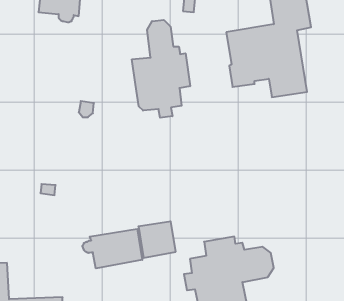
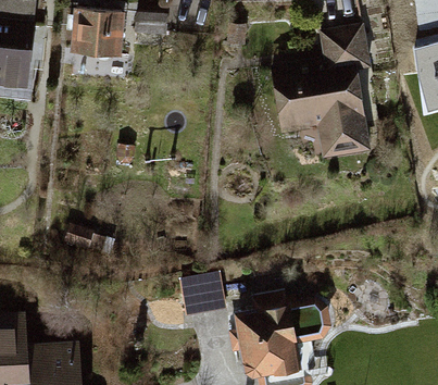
building: [132,20,190,118] -> none
building: [83,229,142,268] -> none

